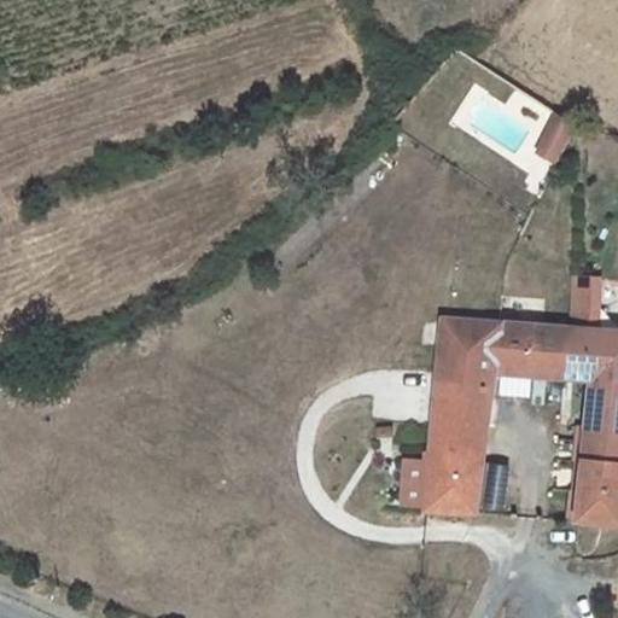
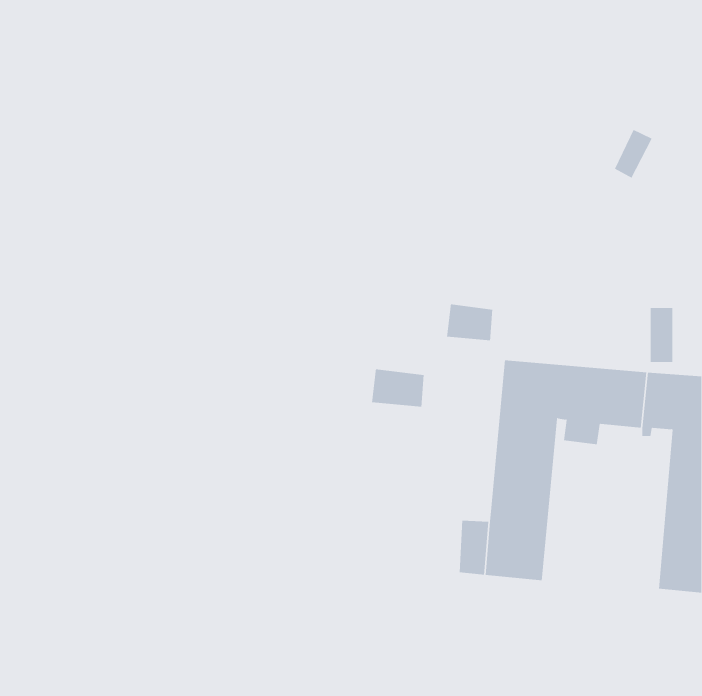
building: none -> [447,304,493,341]
building: none -> [372,369,424,408]

